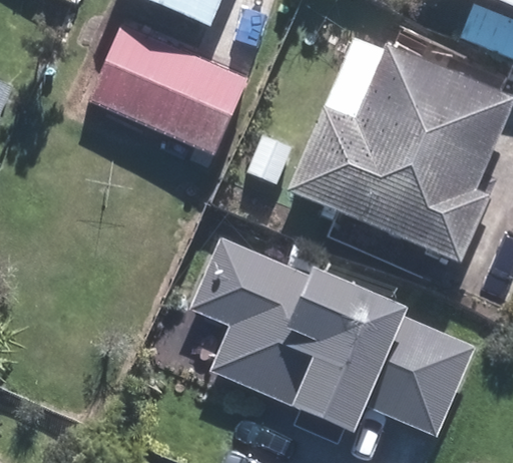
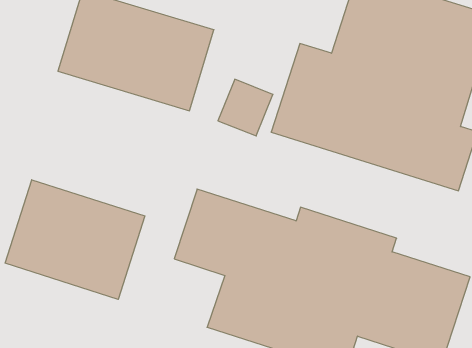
building: none -> [5,180,145,299]

